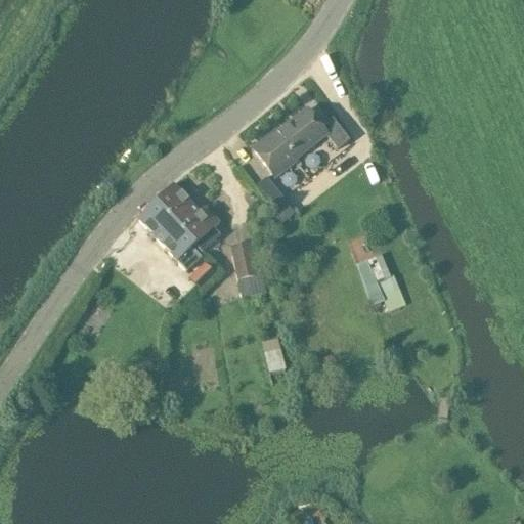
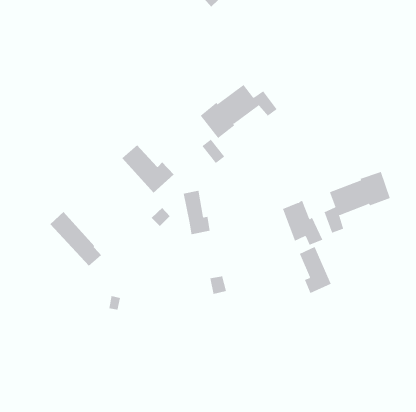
building: [136,199,202,268] -> [50,211,102,267]
building: none -> [324,171,390,233]
building: none -> [299,246,332,294]

